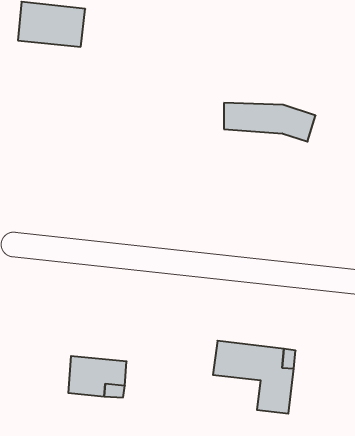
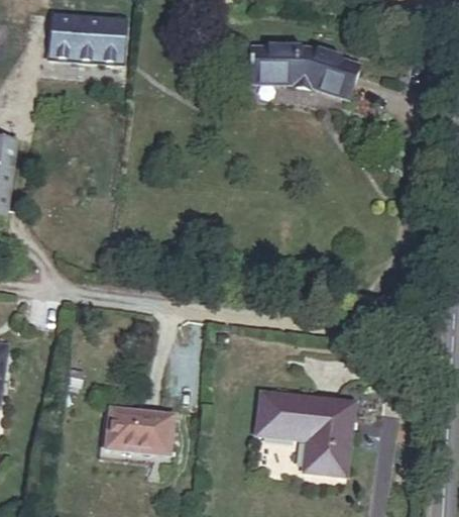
building: [224,103,316,142] -> [261,50,364,94]

